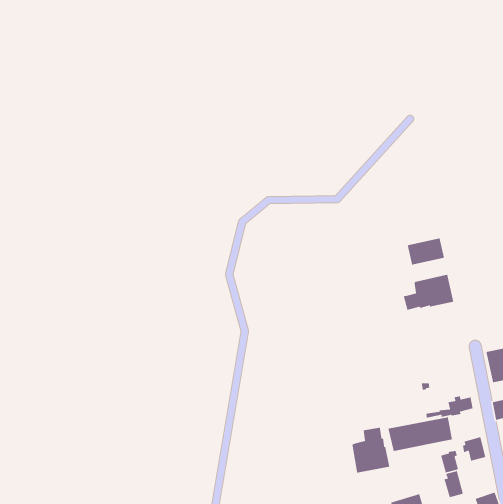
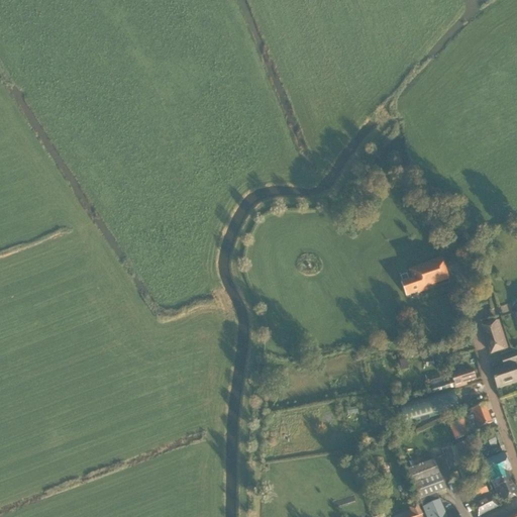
building: [407,238,445,265] -> none
building: [351,427,390,474] -> none

